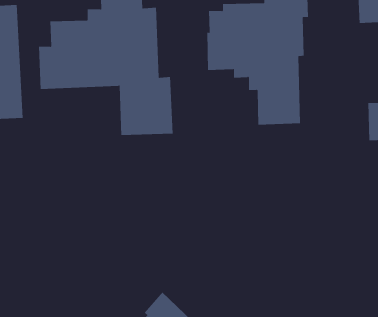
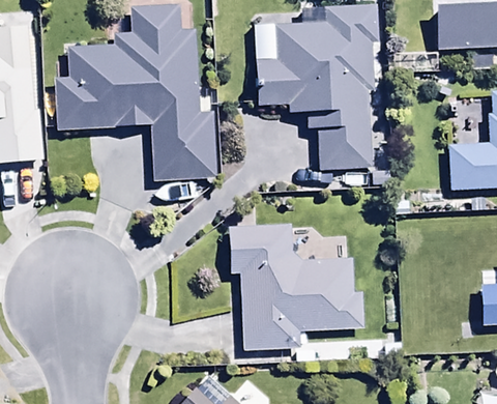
building: none -> [228,222,366,349]

